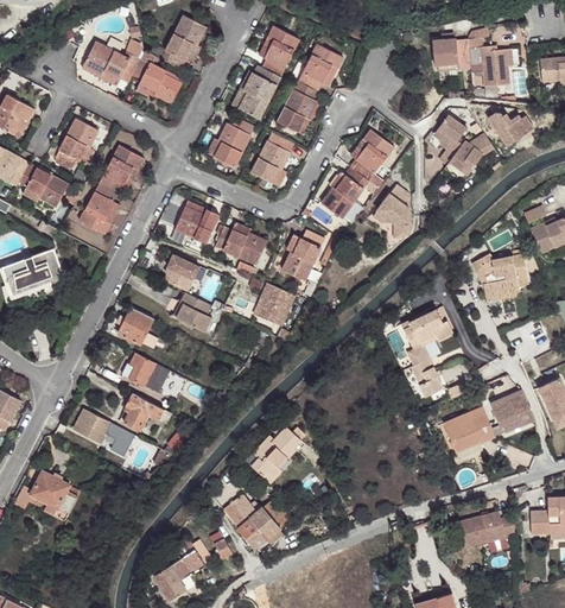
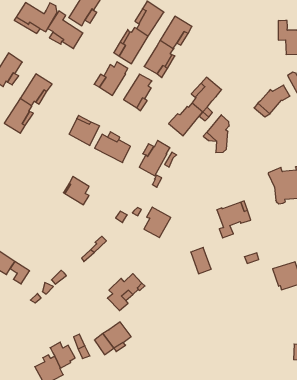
building: [431,38,470,69] -> none
building: [432,113,466,158] -> none
building: [163,254,198,291] -> none
building: [258,284,296,328] -> [144,207,171,238]
building: [116,306,158,348] -> none
building: [121,353,170,393] -> none
building: [410,356,442,395] -> [191,247,211,274]
building: [123,393,171,431] -> none
building: [443,406,494,451] -> none
building: [223,494,256,527] -> none
building: [456,511,514,547] -> none

